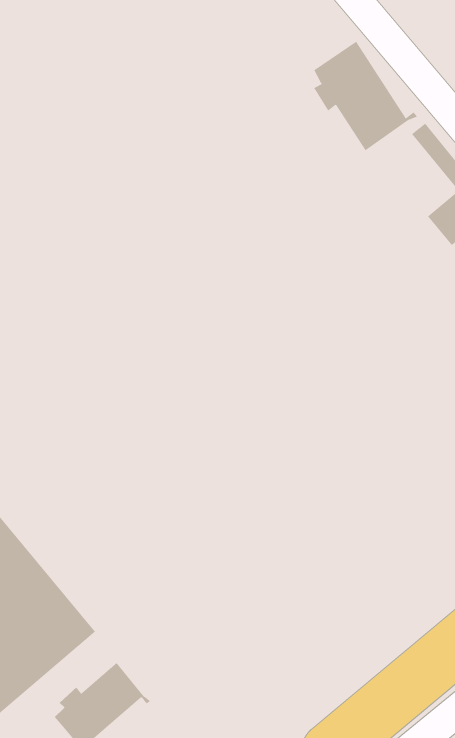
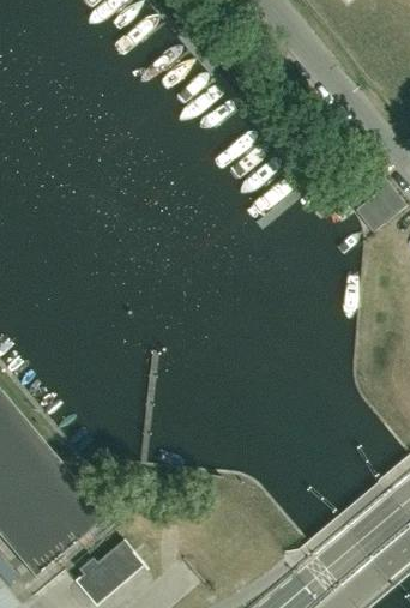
building: [313,41,418,151] -> none

